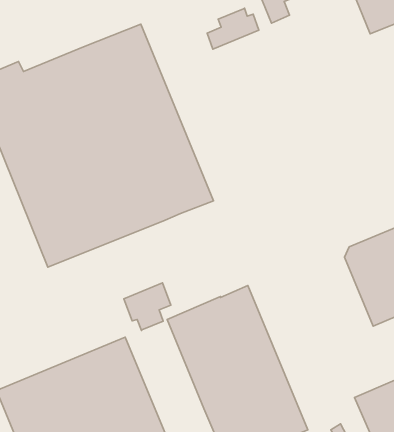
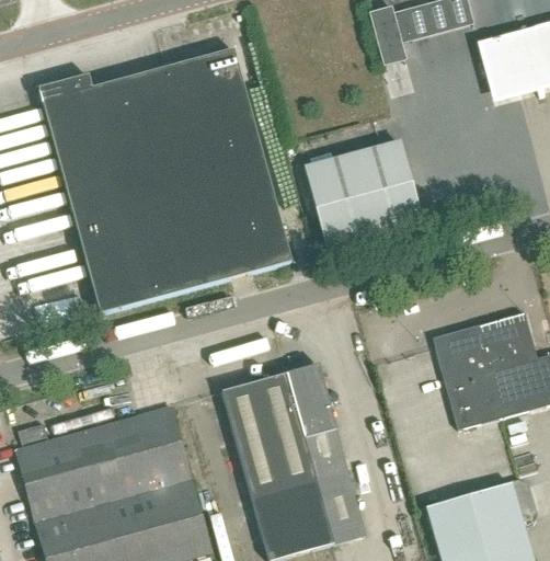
building: [207,8,259,49] -> none
building: none -> [306,141,423,252]
building: [124,283,171,330] -> none

